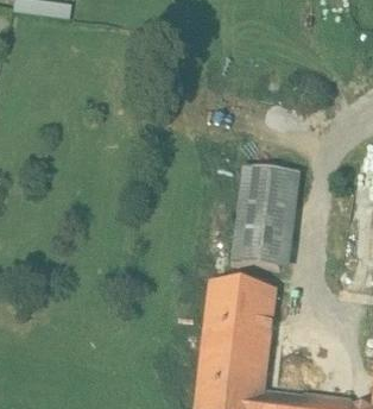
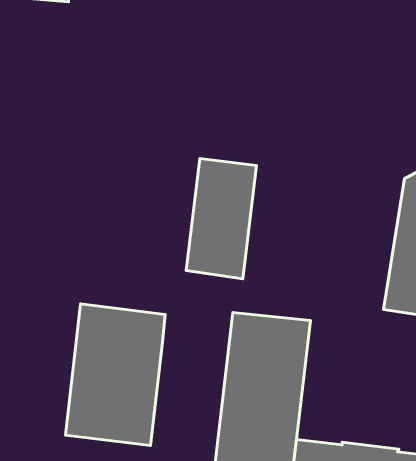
building: [233,162,293,265] -> [186,159,257,279]
building: none -> [66,304,165,445]

